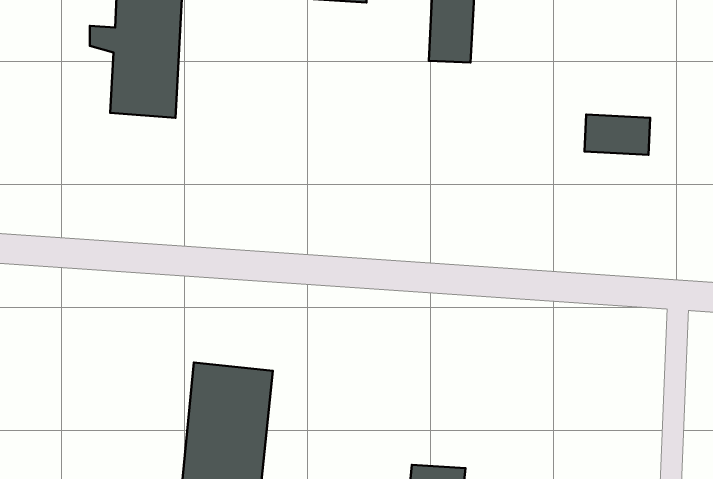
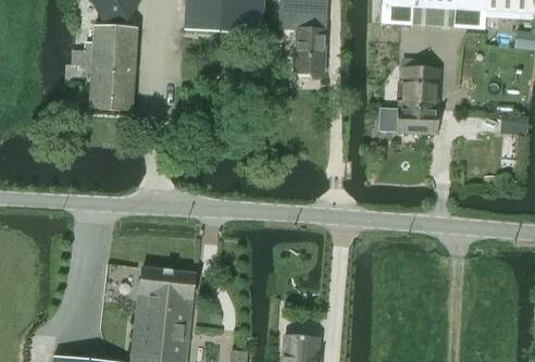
building: none -> [397,57,438,110]

